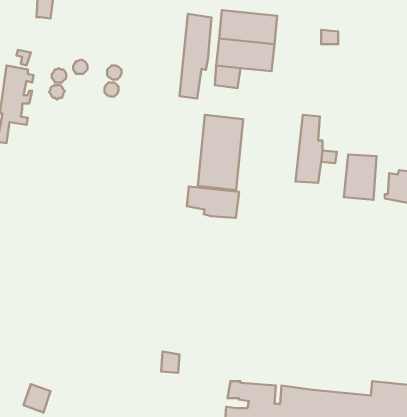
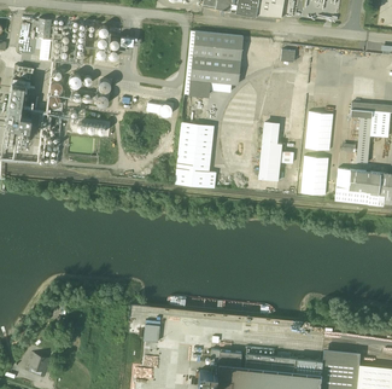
building: [180,14,211,98] -> none
building: none -> [304,111,332,150]
building: [187,187,239,218] -> none

